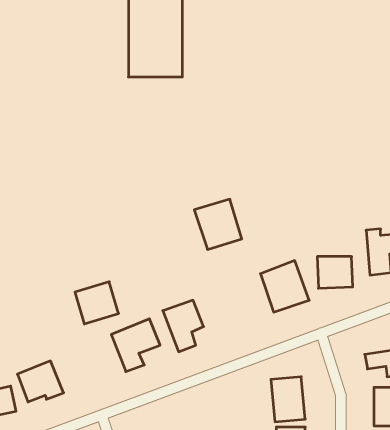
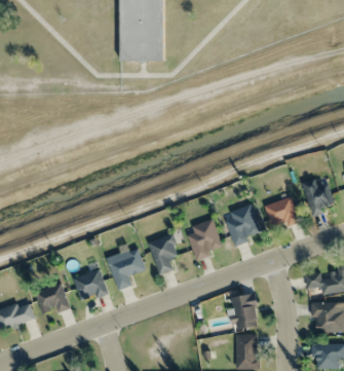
building: [194,199,242,249] -> [186,220,223,259]
building: [75,282,119,324] -> [74,269,108,302]

